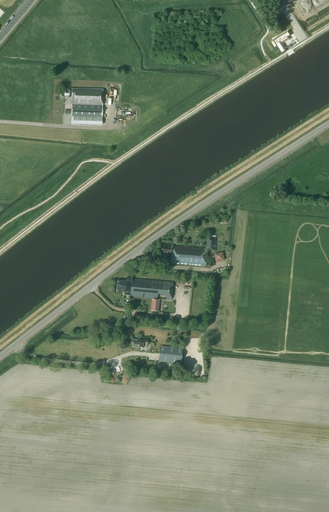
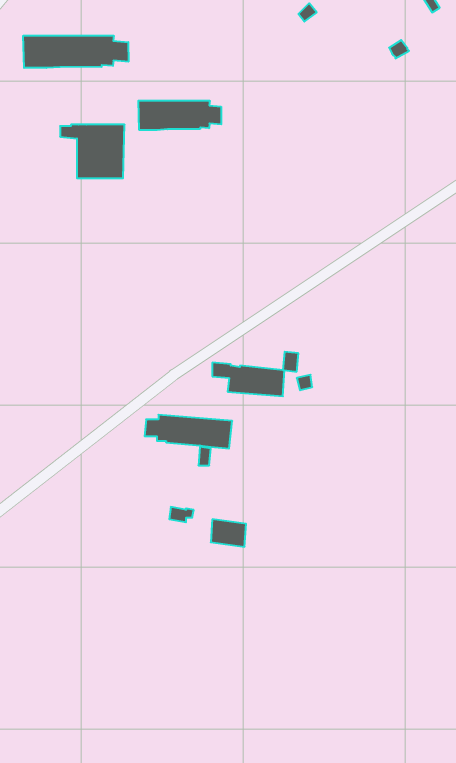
building: none -> [23,36,128,68]
building: none -> [138,101,221,130]

